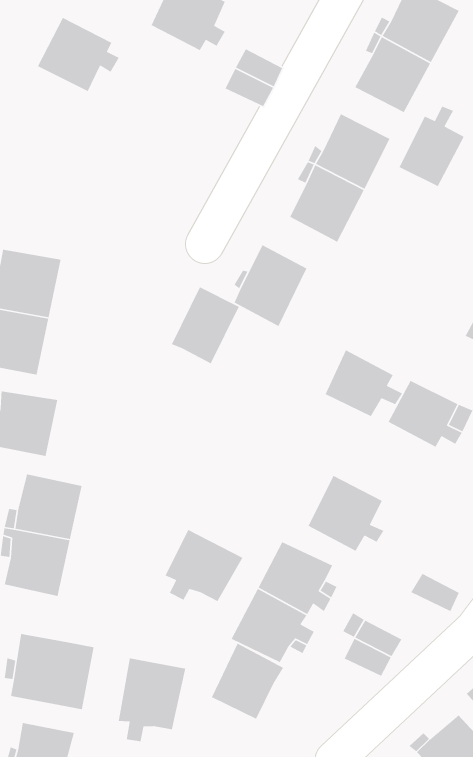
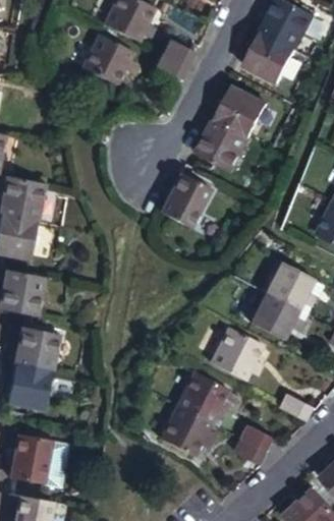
building: [37,17,120,92] -> [82,35,138,85]
building: [398,105,465,187] -> none
building: [171,286,240,365] -> none
building: [325,349,403,417] -> [250,292,303,338]
building: [164,529,243,602] -> none
building: [211,642,284,720] -> none
building: [118,657,186,742] -> none

